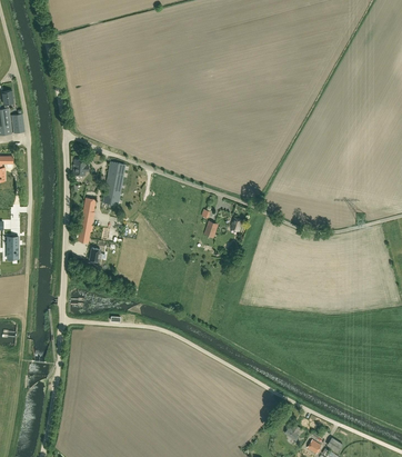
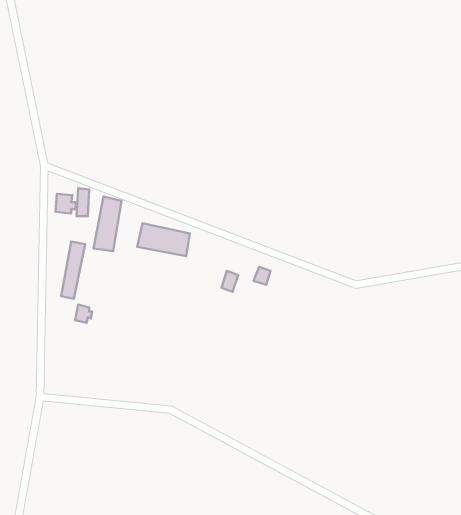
building: none -> [137,223,190,256]

